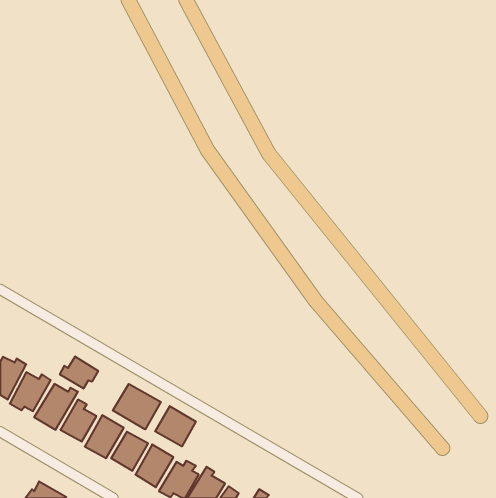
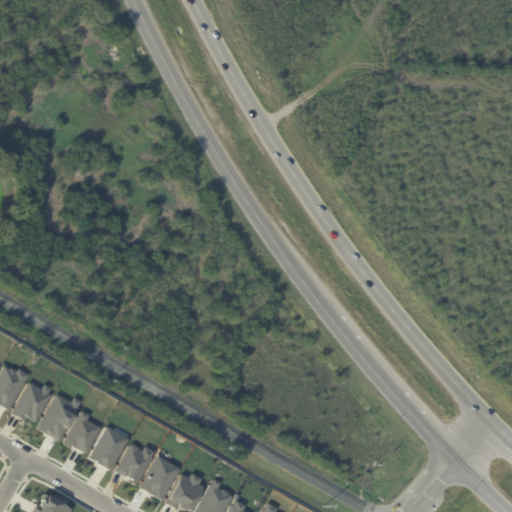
building: [60,356,98,389] -> none
building: [113,384,161,429] -> none
building: [155,406,196,446] -> none

